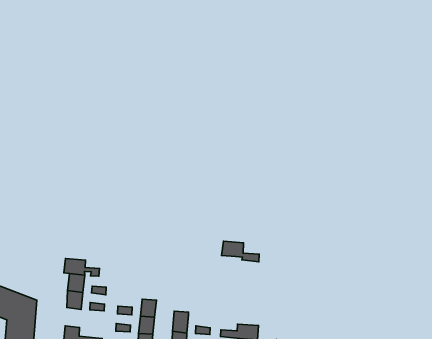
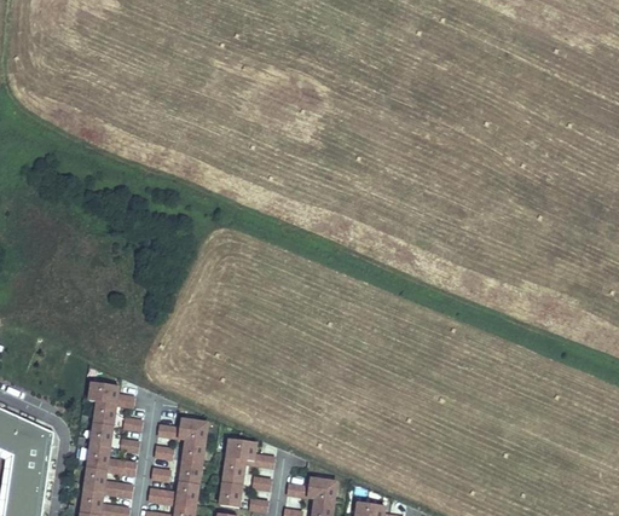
building: [221,241,259,262] -> [227,439,276,468]
building: none -> [158,418,208,441]
building: none -> [87,443,137,474]

